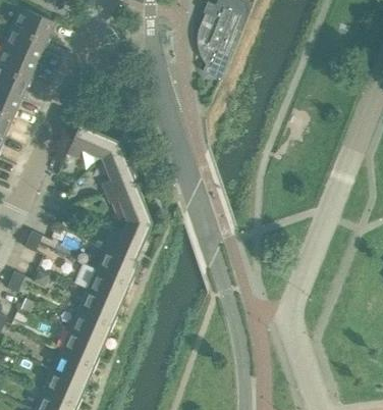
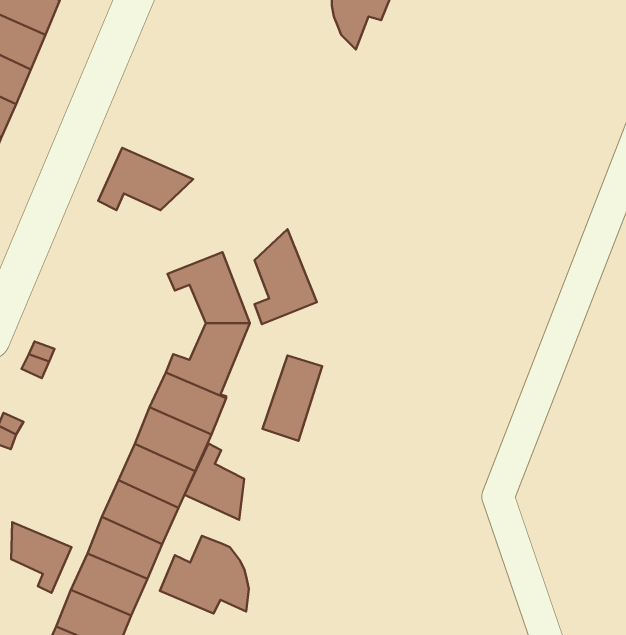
building: [101,142,135,195] -> [255,229,317,324]
building: none -> [263,355,322,441]
building: none -> [184,443,244,520]
building: none -> [11,522,72,593]
building: none -> [160,536,249,614]

